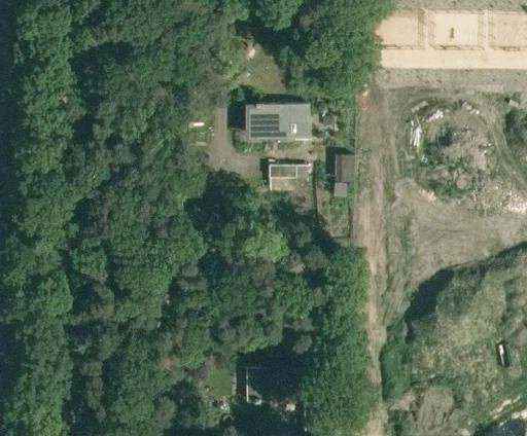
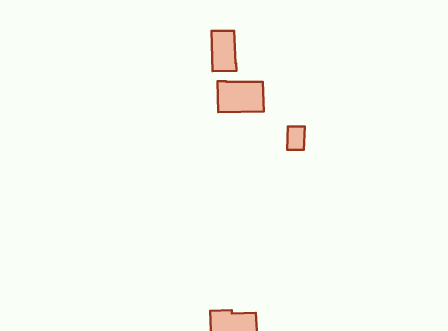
building: none -> [212,31,236,71]
building: [268,165,308,189] -> none

